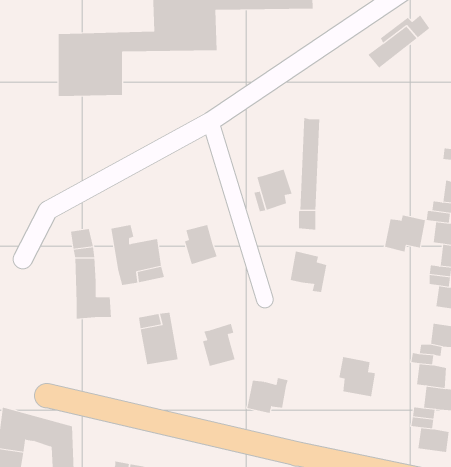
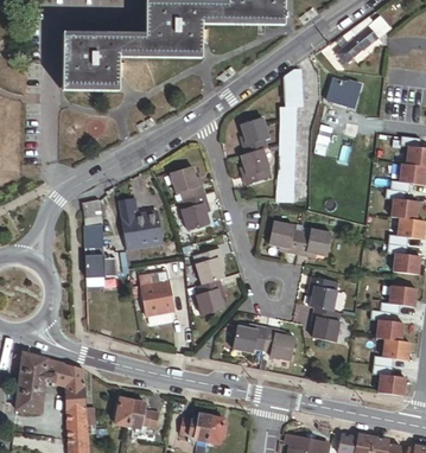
building: none -> [282,71,301,108]
building: none -> [325,81,360,111]
building: none -> [241,120,271,157]
building: none -> [167,170,203,203]
building: [384,215,426,252] -> [295,229,331,261]
building: none -> [193,251,222,288]
building: none -> [309,280,338,314]
building: none -> [262,336,295,366]

